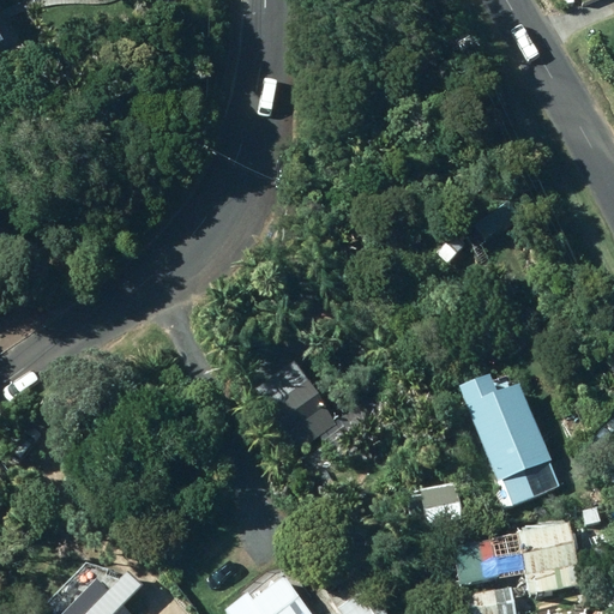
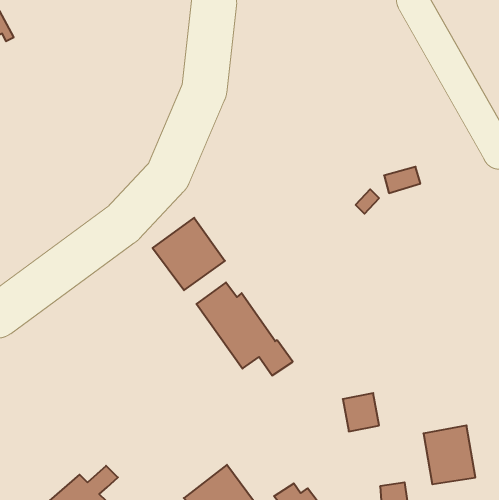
building: none -> [153,218,225,290]
building: [459,373,560,504] -> none

